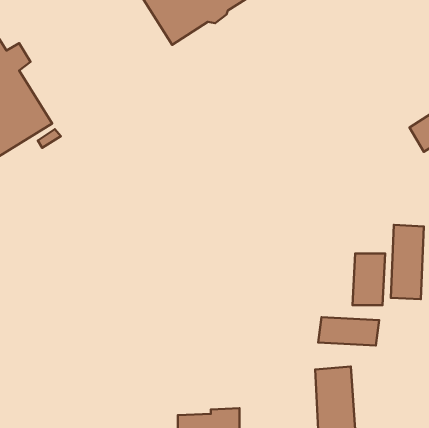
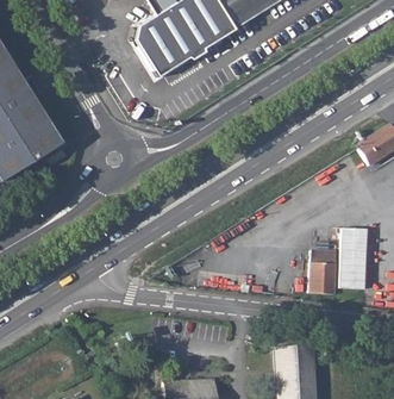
building: [318,317,379,346] -> none

